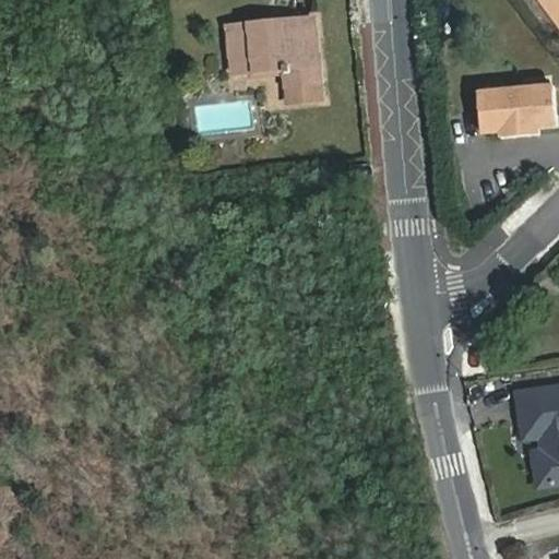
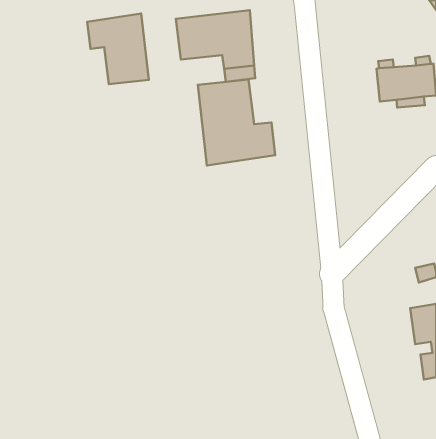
building: none -> [87,14,149,84]
building: none -> [198,79,275,165]

